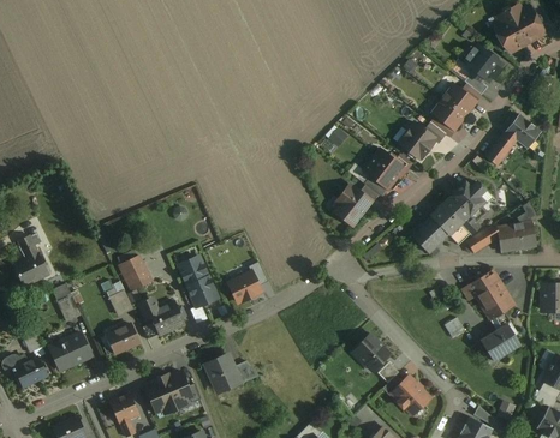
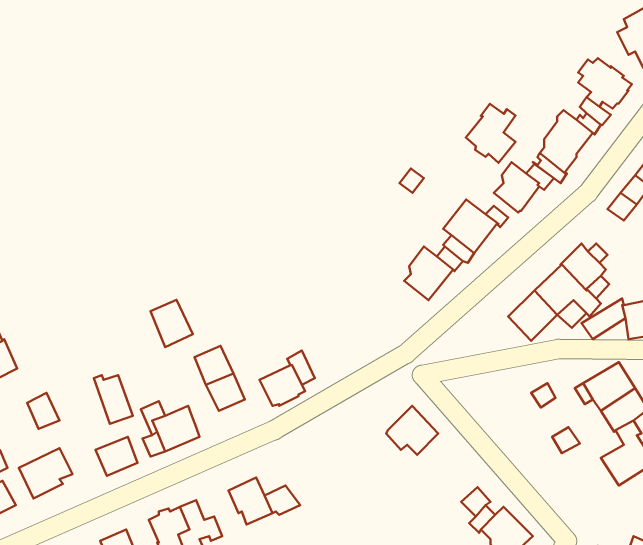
building: none -> [466,104,515,163]
building: [120,257,151,292] -> [151,300,193,347]
building: [351,334,389,370] -> [386,406,438,455]

